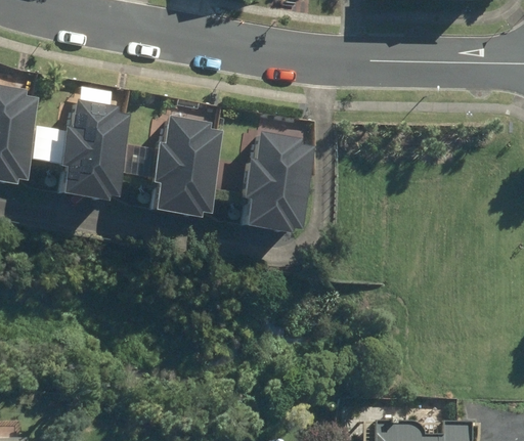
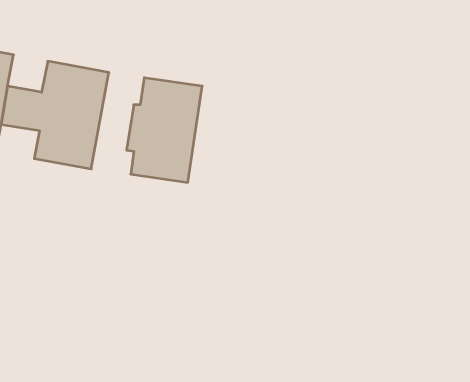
building: [241,133,314,233] -> none

